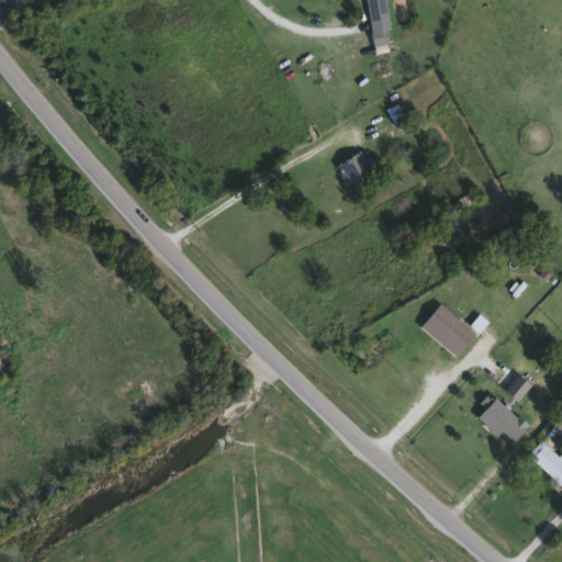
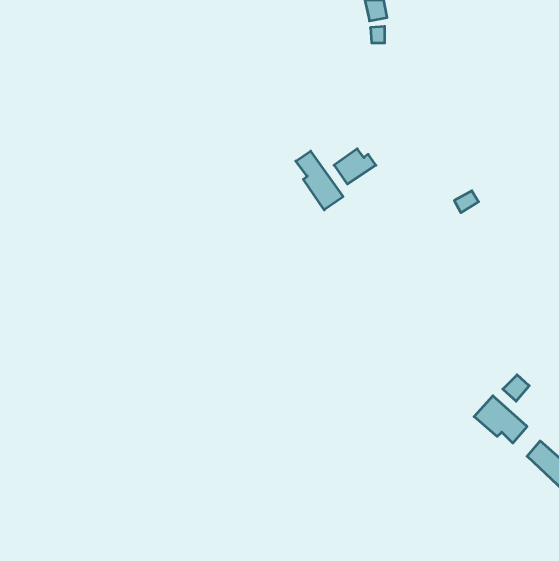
building: none -> [296,151,343,210]
building: [420,304,477,358] -> none

